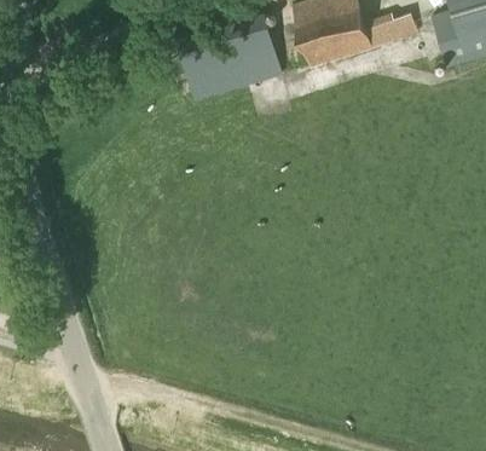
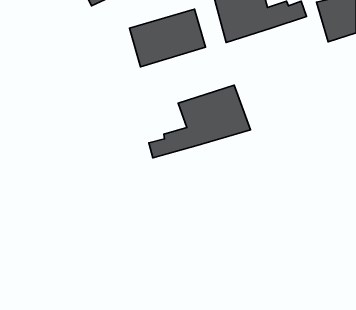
building: none -> [149,85,251,158]

